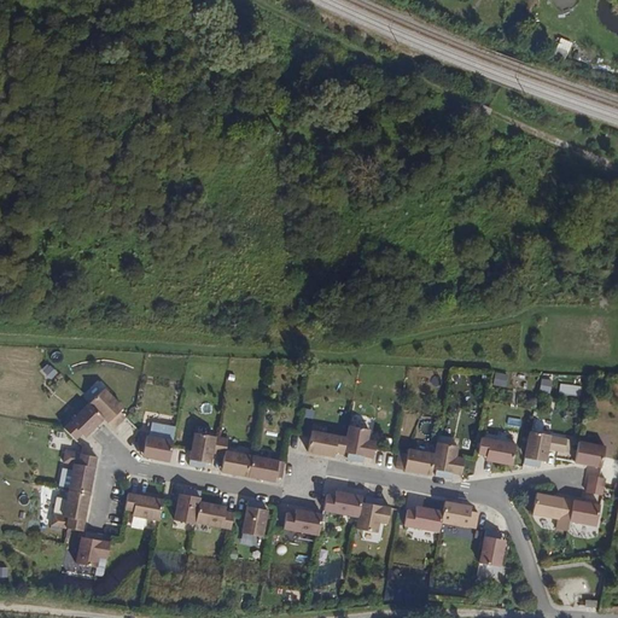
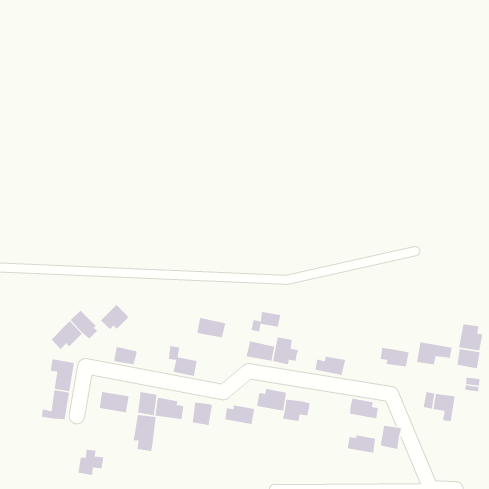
building: none -> [100,304,129,330]
building: none -> [250,311,281,332]
building: none -> [458,323,483,351]
building: [187,431,215,466] -> none
building: [432,438,465,473] -> none
building: [245,454,282,480] -> [197,317,226,338]
building: [570,499,600,526] -> none
building: [404,506,441,530] -> [347,434,376,454]
building: none -> [133,414,157,452]
building: [76,529,110,564] -> [77,448,104,476]

